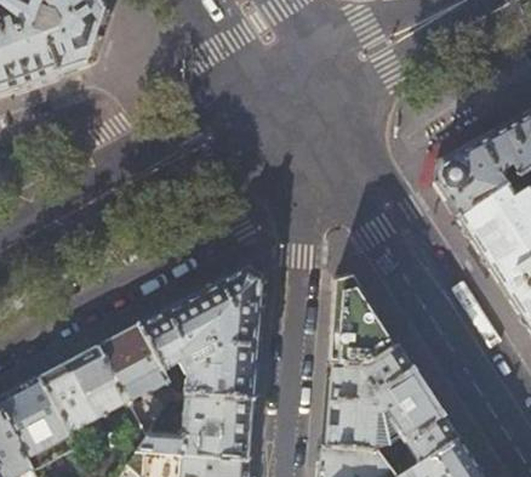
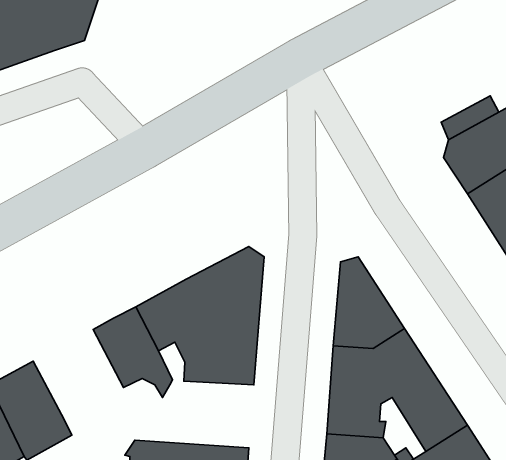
building: [39,346,126,433] -> none
building: [137,394,252,460] -> none

